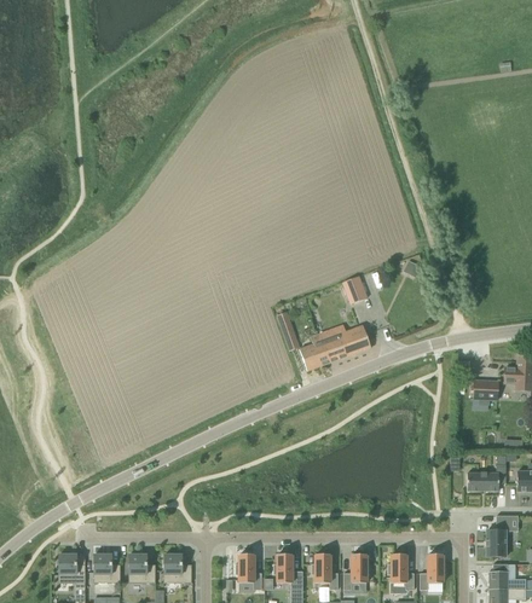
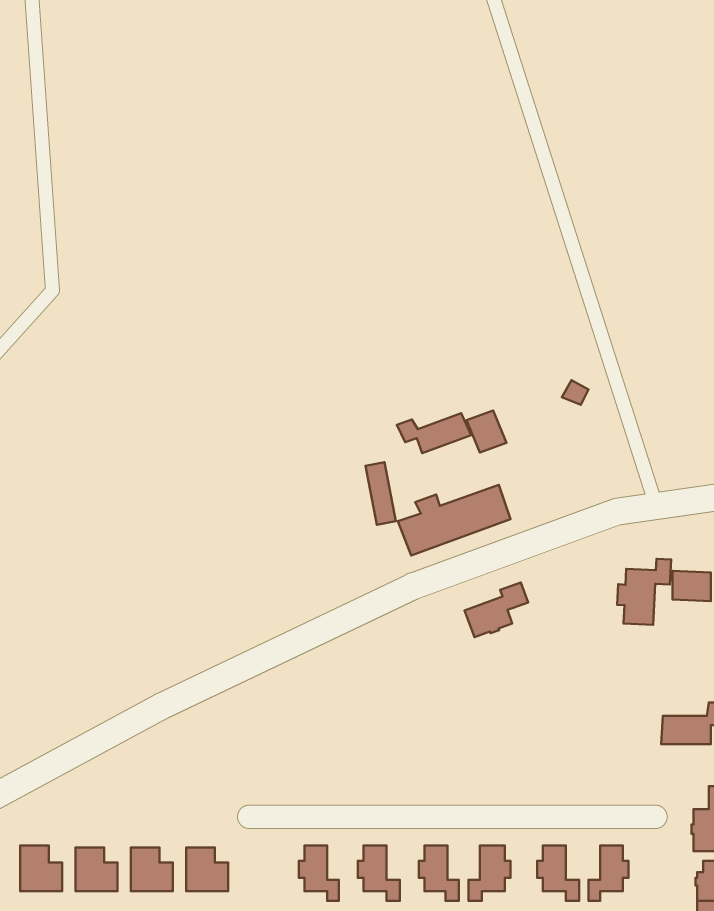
building: none -> [397,413,471,453]
building: none -> [617,559,671,625]
building: none -> [465,582,528,637]

